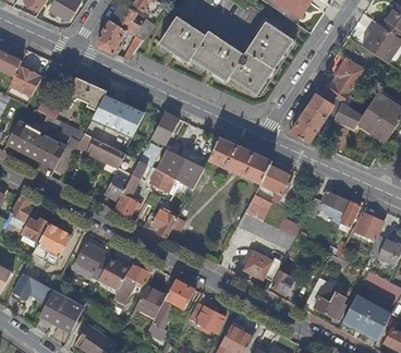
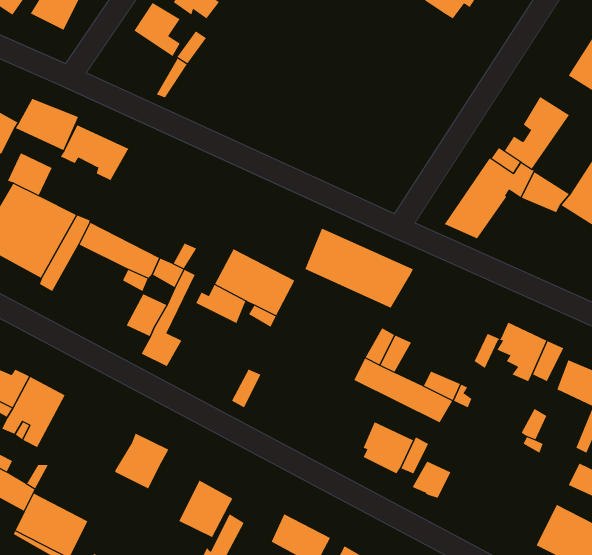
building: [158,17,292,96] -> none
building: [95,21,132,53] -> none
building: [93,90,145,133] -> none
building: [151,110,179,142] -> none
building: [258,163,289,199] -> none
building: [143,208,175,235] -> none
building: [76,241,108,276] -> none
building: [112,259,151,307] -> none
building: [305,276,345,317] -> none
building: [165,278,194,314] -> none

